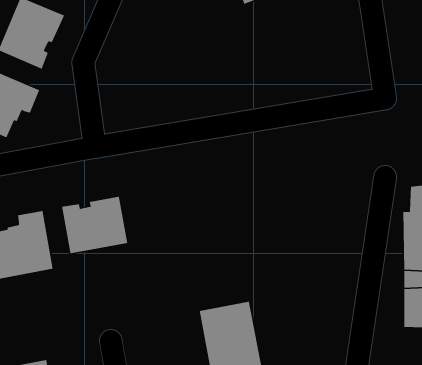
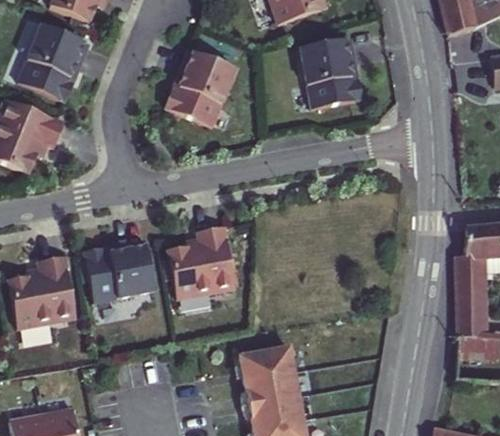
building: none -> [299,39,360,109]
building: none -> [167,55,238,132]
building: none -> [171,223,239,296]

